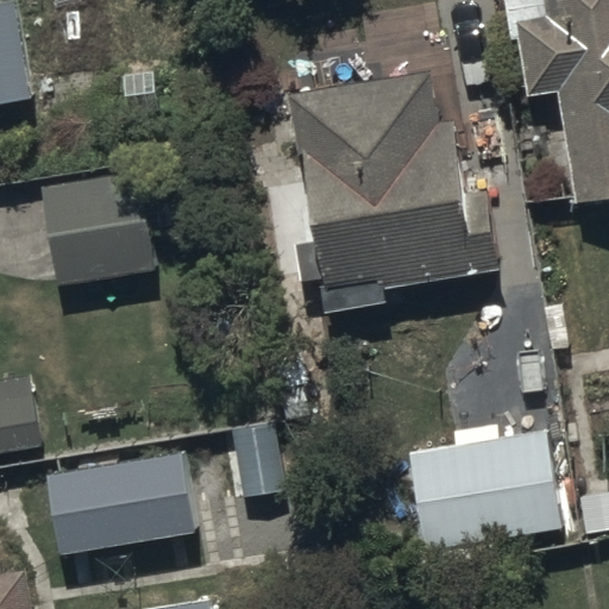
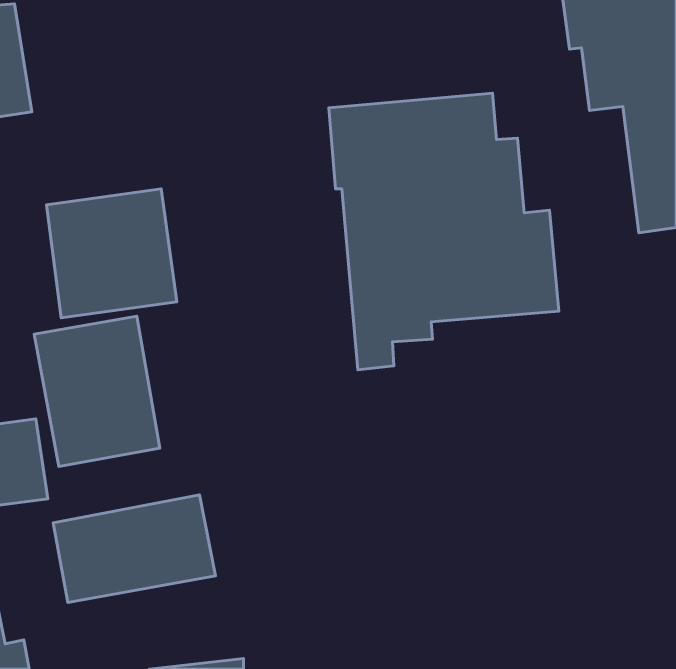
building: none -> [34,316,160,467]
building: [410,432,564,554] -> none

